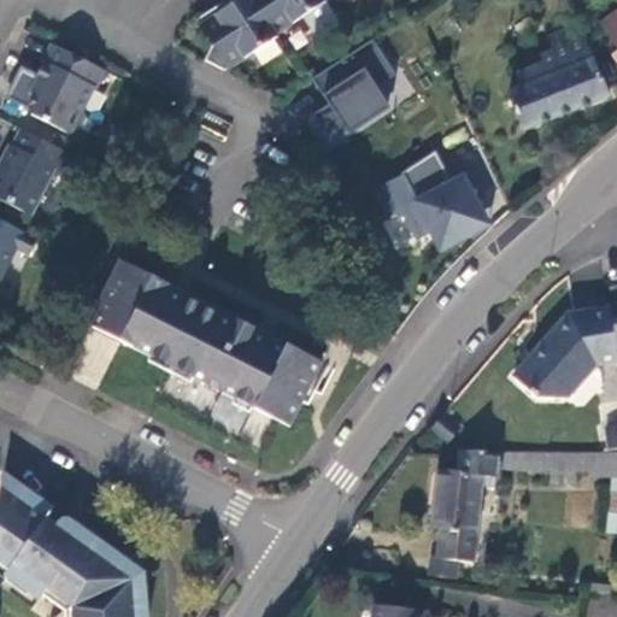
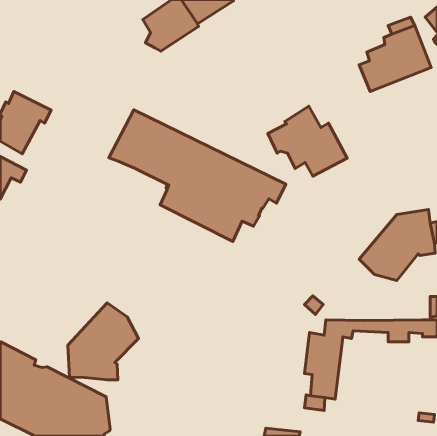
building: [312,37,396,142] -> none
building: [29,43,106,135] -> none
building: [88,260,337,446] -> [109,110,286,242]
building: none -> [68,303,138,380]

